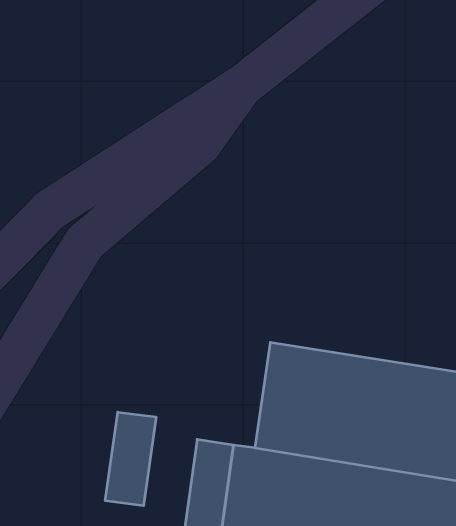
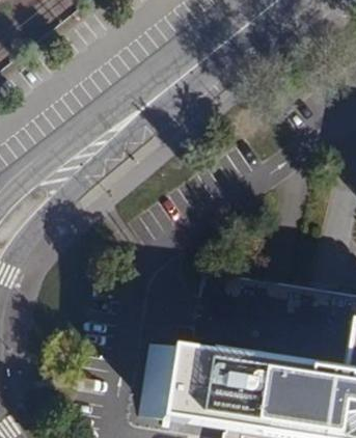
building: [105,412,156,506] -> none

